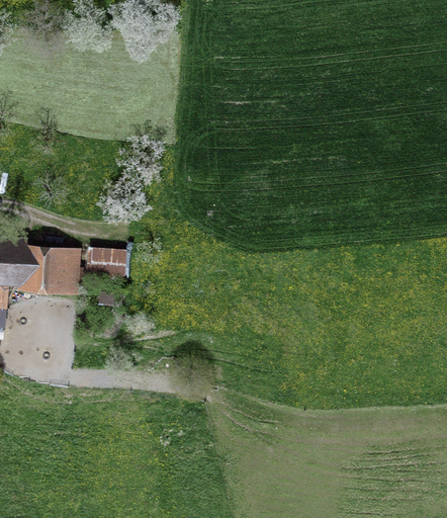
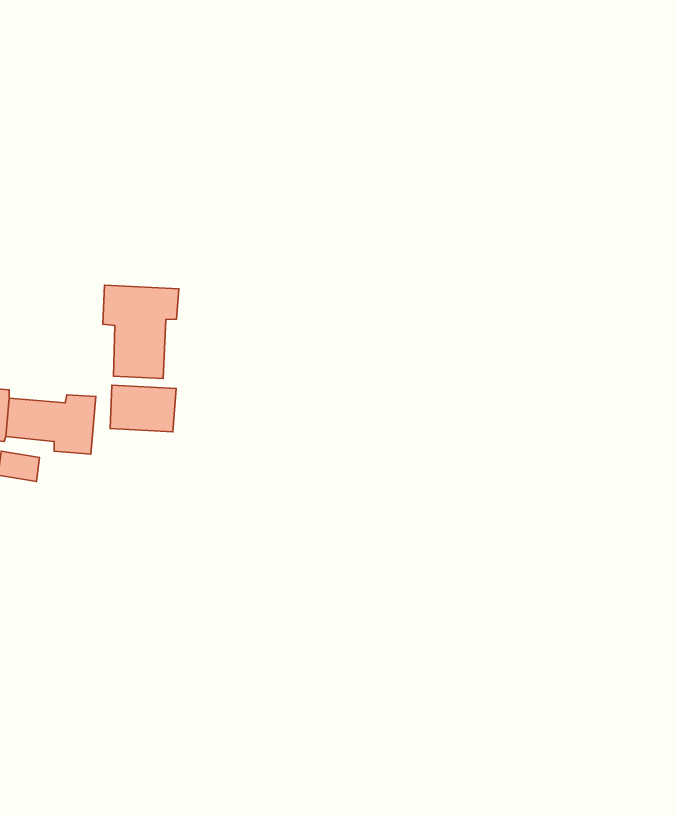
building: none -> [103,285,179,379]

